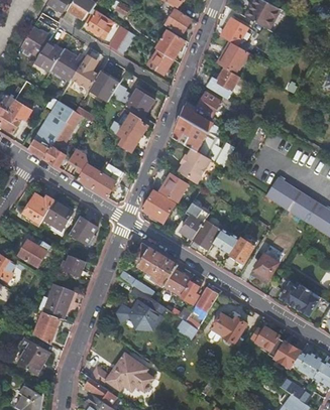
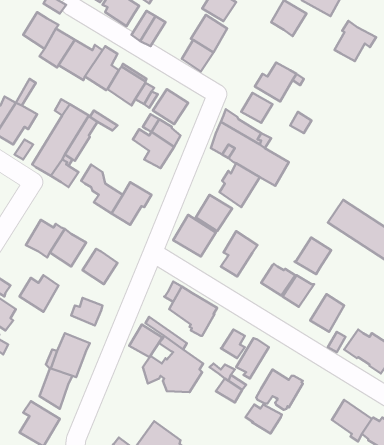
building: [219,41,252,74] -> [335,21,376,61]
building: [192,220,221,249] -> [295,238,331,274]
building: [164,269,191,295] -> [129,325,162,357]
building: [250,327,280,351] -> [245,405,282,434]

